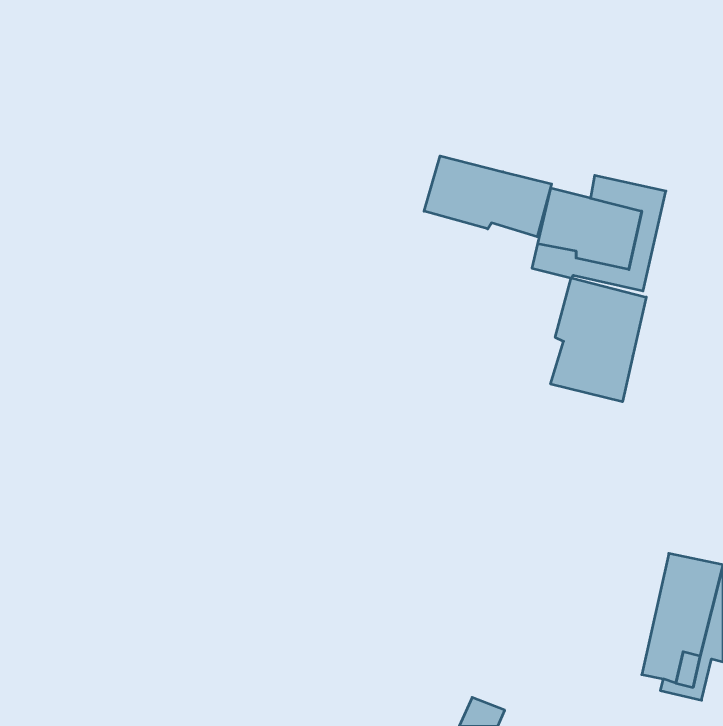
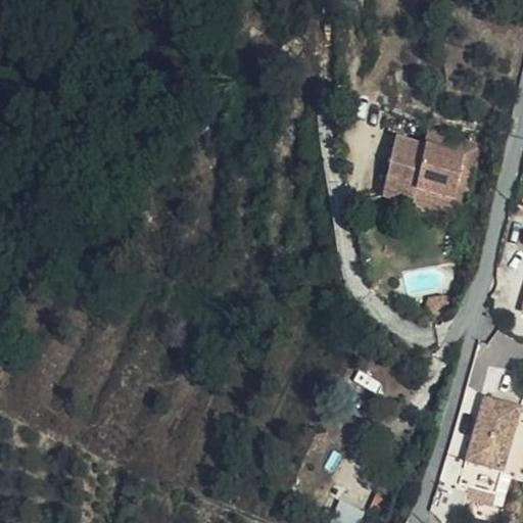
building: [424,156,552,237] -> none
building: [551,278,646,402] -> none

